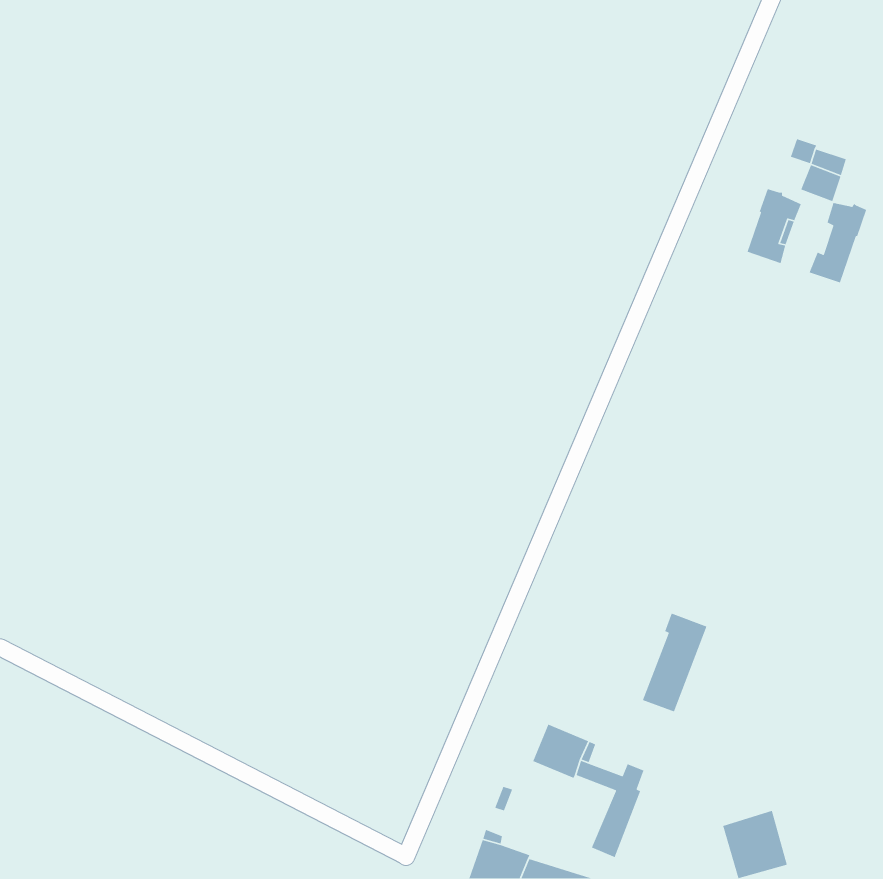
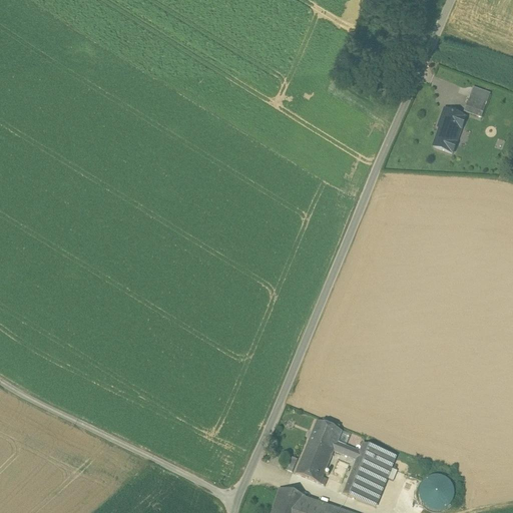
building: [809,202,867,283] -> none
building: [642,612,707,713] -> [357,447,395,505]
building: none -> [296,442,333,484]

